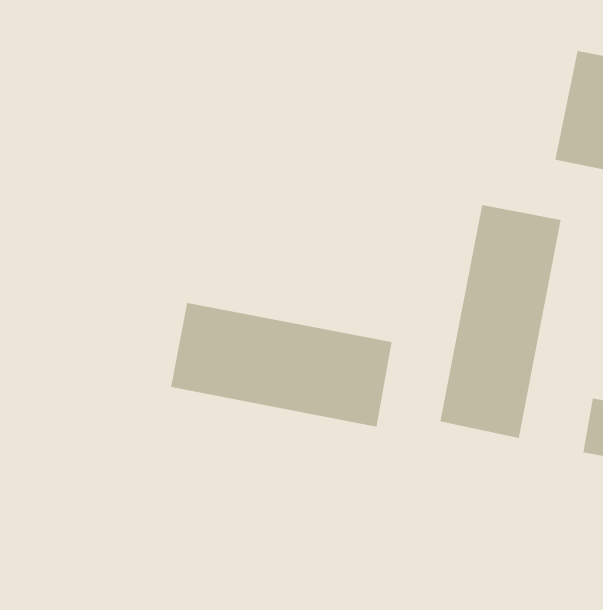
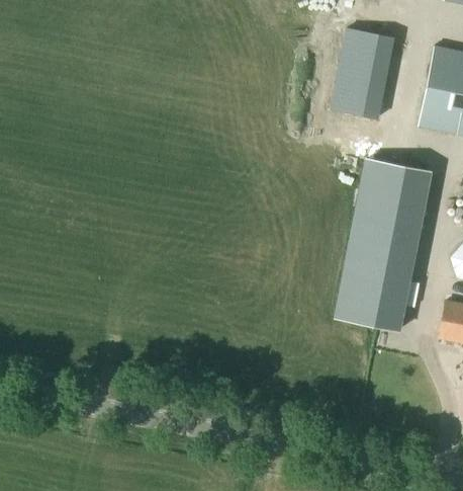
building: none -> [332,30,394,119]
building: [170,302,392,428] -> none

